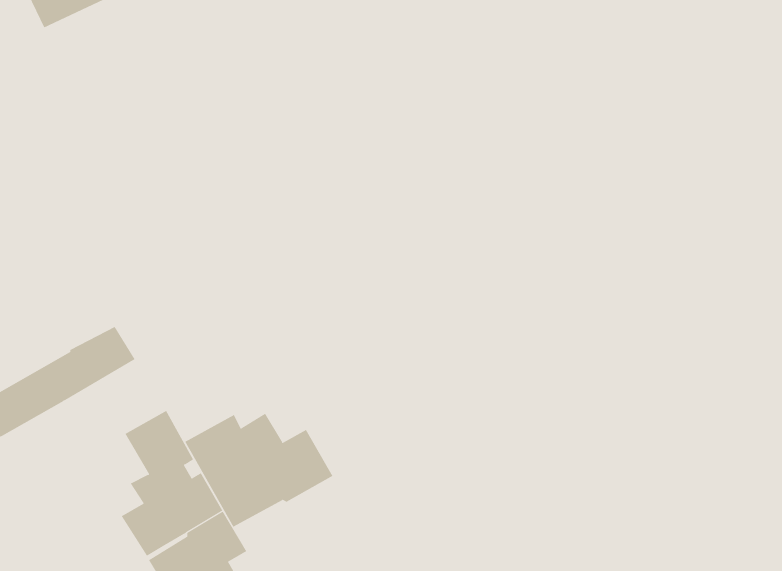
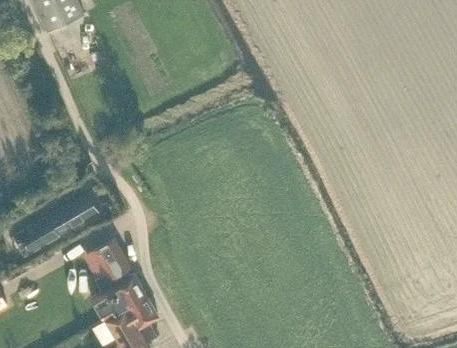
building: [184,413,333,528] -> none

